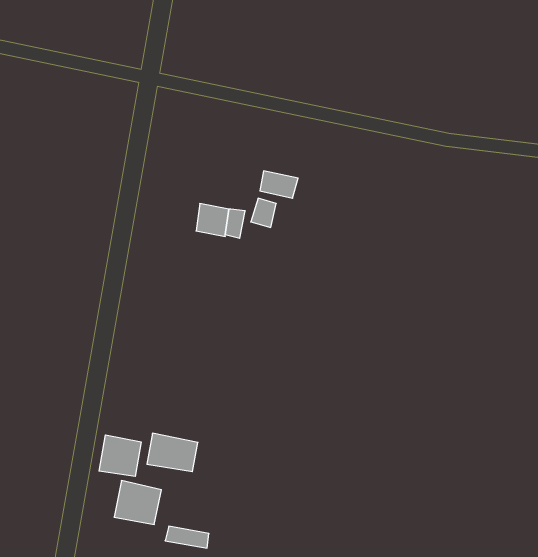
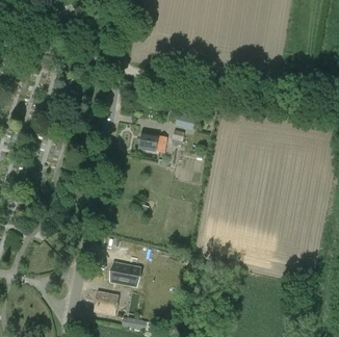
building: [99,435,141,476] -> none

